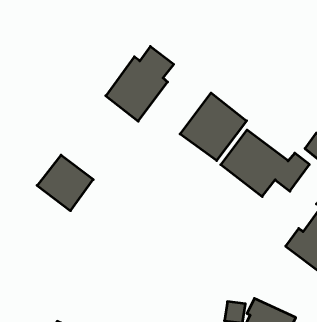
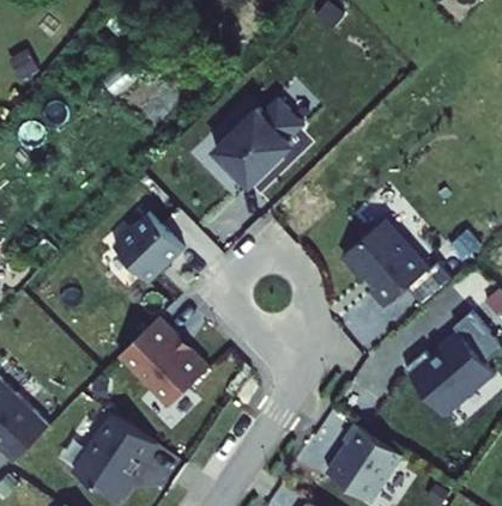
building: [180,93,247,161] -> none
building: none -> [117,316,207,404]

